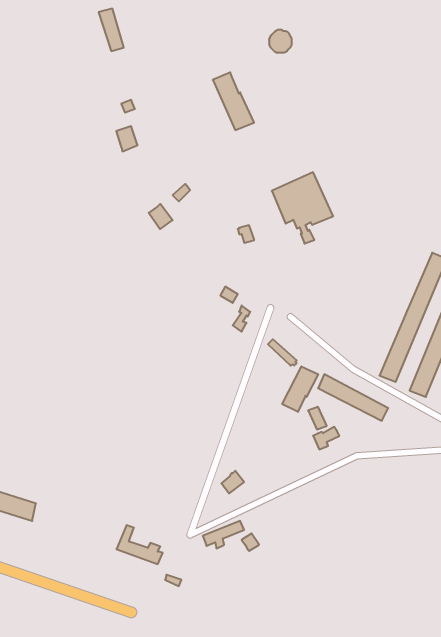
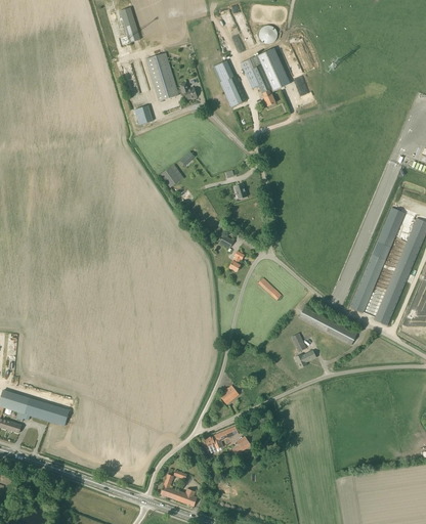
building: none -> [146,52,197,100]
building: [272,172,333,244] -> [241,47,291,105]
building: [282,366,318,412] -> none
building: [116,525,163,564] -> [160,474,198,506]

